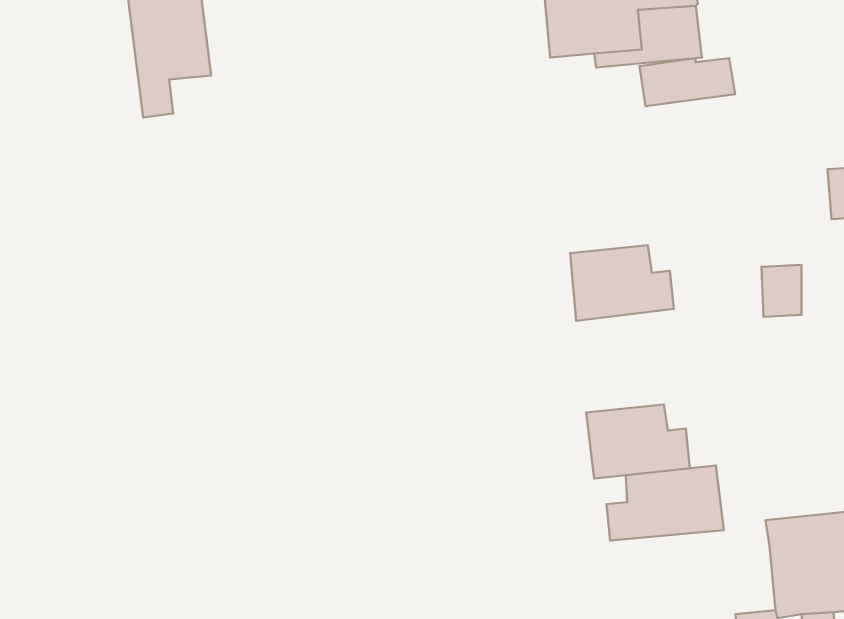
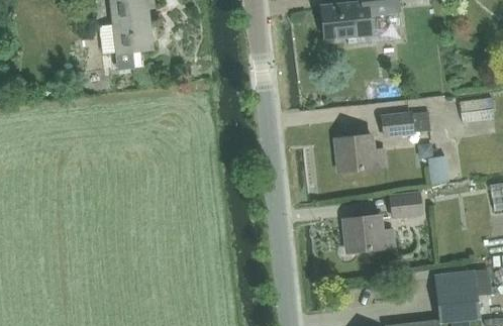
building: [640,58,735,106] -> [384,111,432,135]
building: none -> [392,192,423,216]
building: [606,466,724,540] -> none

